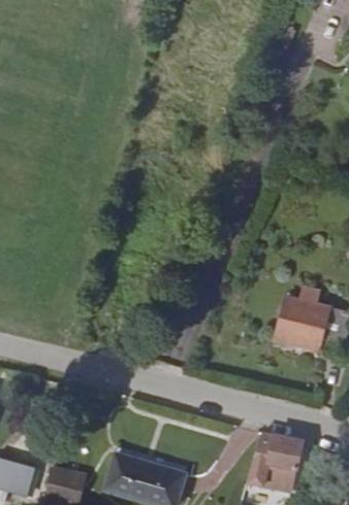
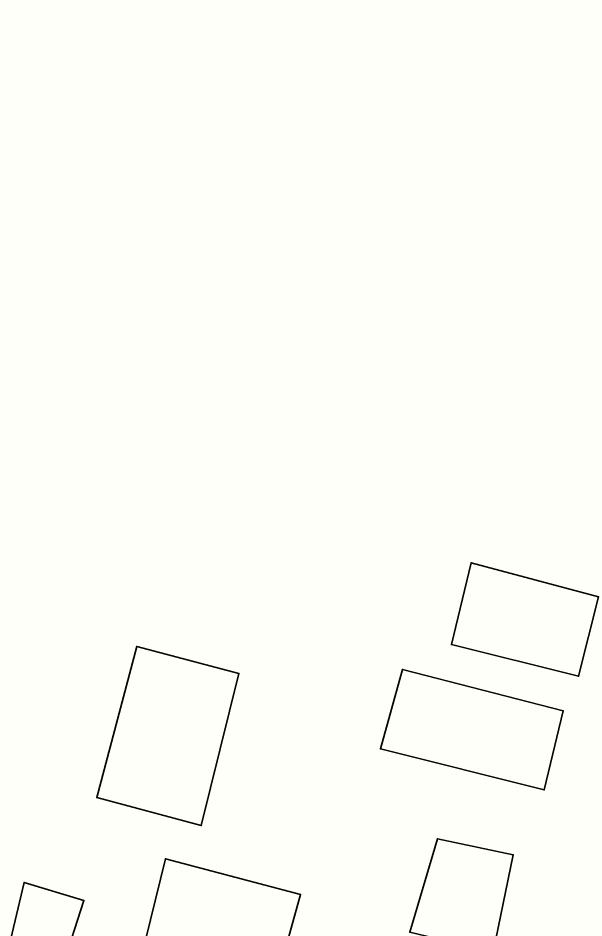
building: none -> [97,647,239,826]
building: none -> [381,669,563,790]

